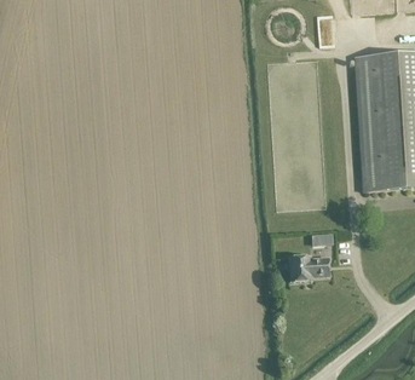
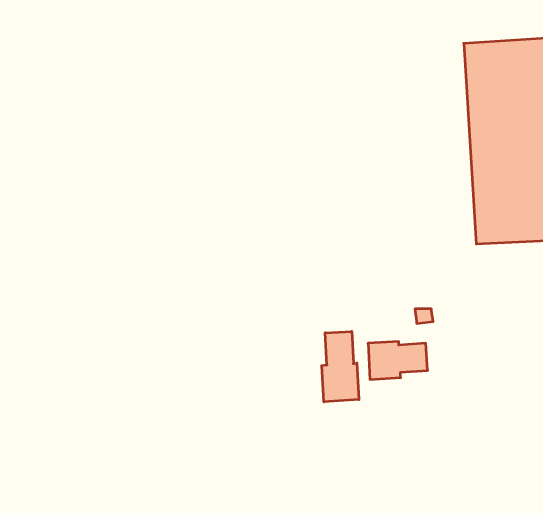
building: none -> [322,331,359,402]

